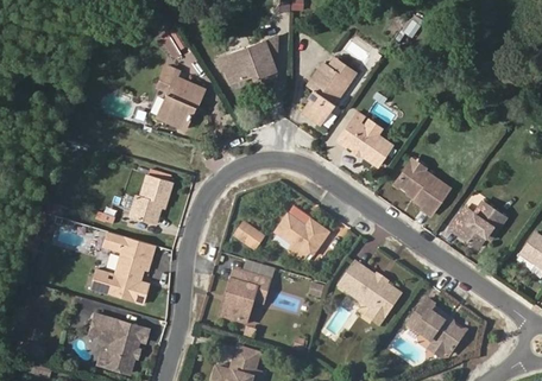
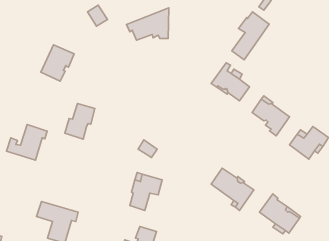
building: [305,53,359,122] -> [232,12,269,60]
building: [157,74,204,126] -> [41,45,74,81]
building: [273,216,327,262] -> none
building: [93,247,151,298] -> [7,125,47,160]

